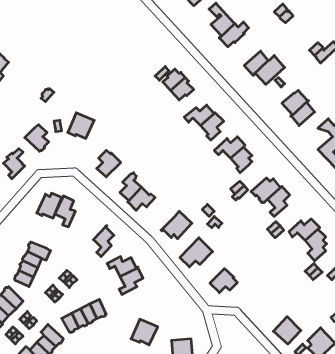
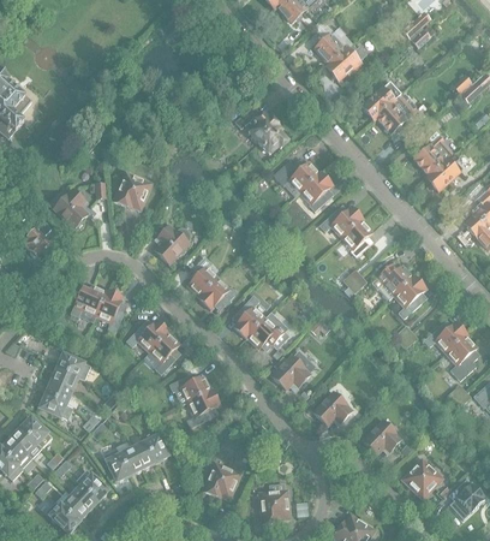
building: none -> [233,295,264,337]
building: none -> [126,319,168,350]
building: none -> [363,418,401,452]

